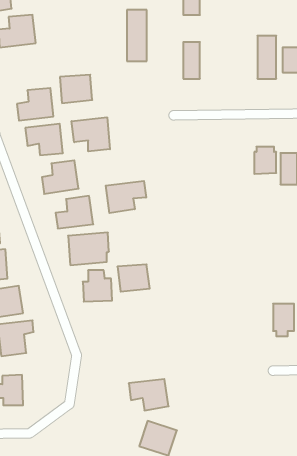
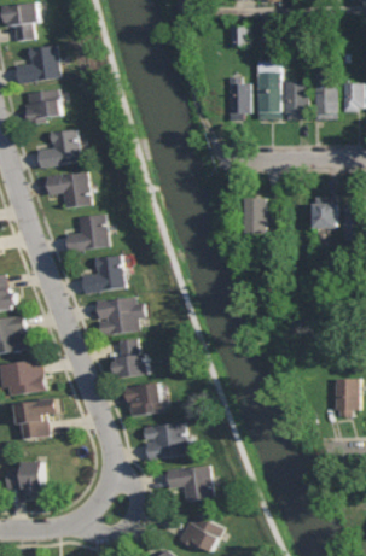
building: [127,10,147,61] -> [256,60,279,119]
building: none -> [285,82,308,119]
building: [60,75,92,103] -> [24,90,62,123]
building: [72,117,110,151] -> none
building: none -> [242,198,263,233]
building: [106,181,146,213] -> none
building: [117,264,150,292] -> [126,384,163,415]
building: none -> [144,422,188,460]

